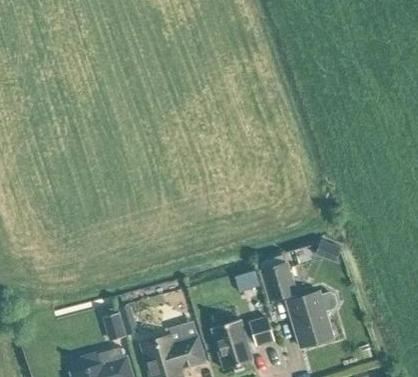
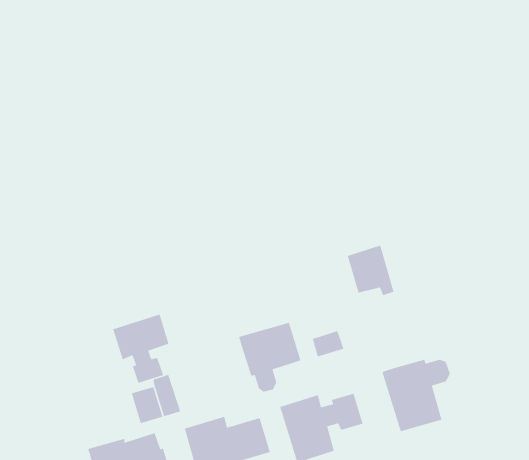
building: none -> [112,314,169,384]
building: [262,263,297,301] -> [347,245,395,296]
building: none -> [238,322,302,393]

